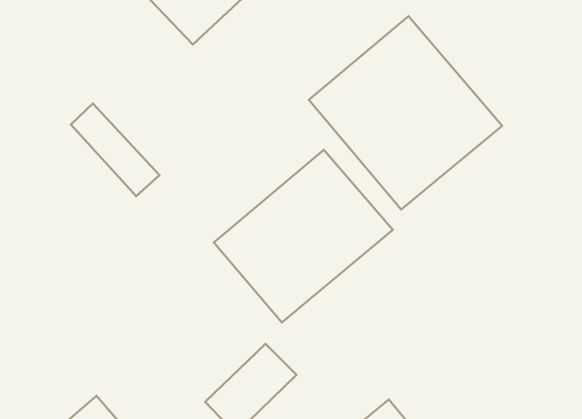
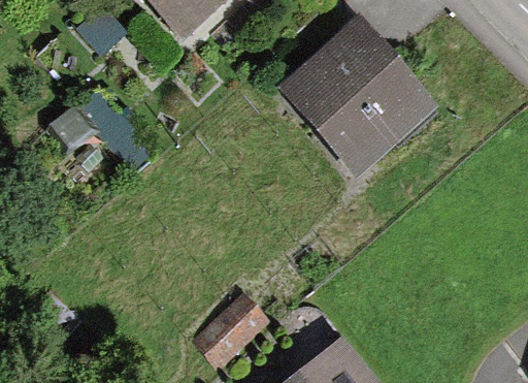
building: [214,150,393,323] -> none

